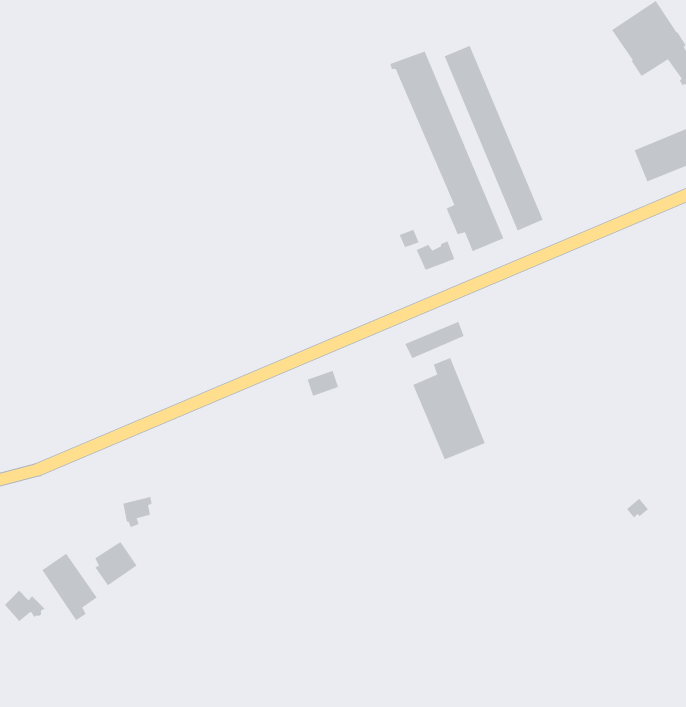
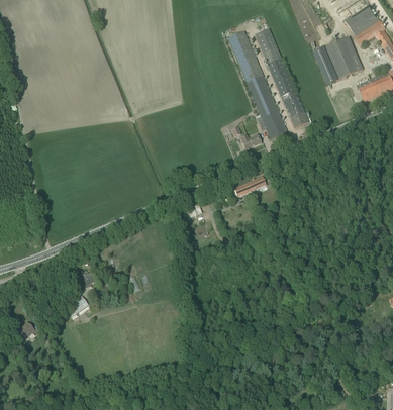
building: none -> [313,36,363,85]
building: [413,357,486,460] -> none
building: [41,553,98,621] -> none

